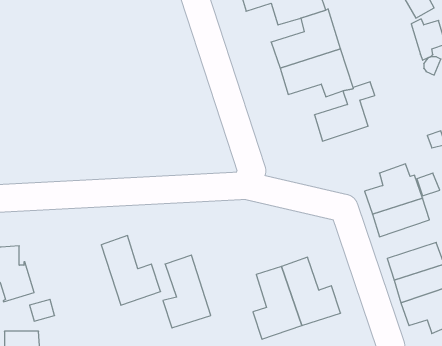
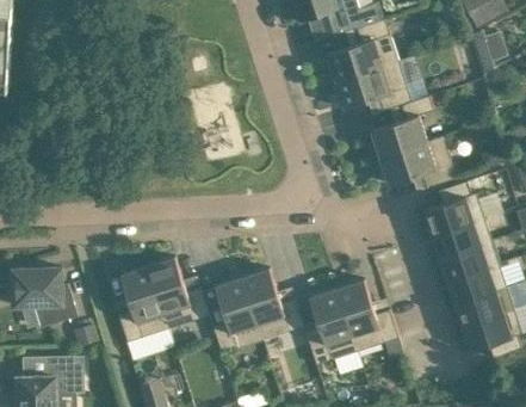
building: none -> [378,136,454,187]
building: none -> [438,240,497,280]
building: none -> [117,266,167,343]
building: none -> [241,269,303,340]

